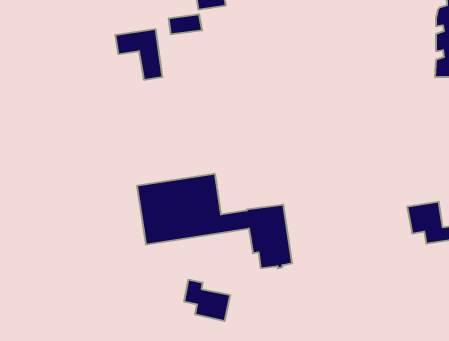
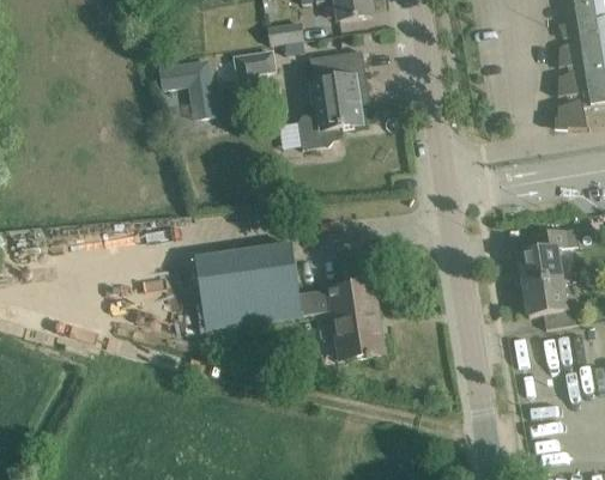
building: none -> [298,49,368,147]
building: none -> [512,229,567,282]
building: [184,280,230,321] -> none

